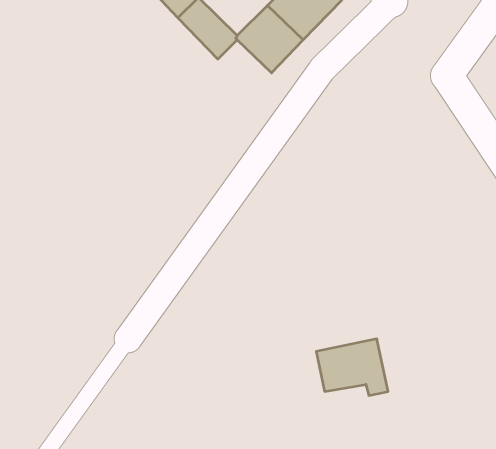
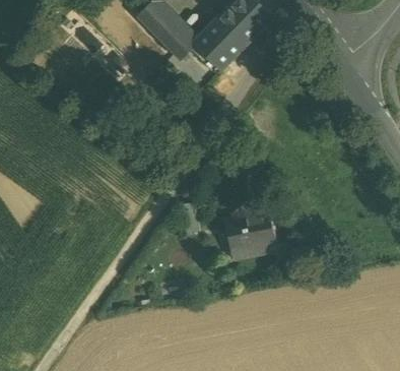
building: [316,339,388,395] -> [225,214,278,256]

